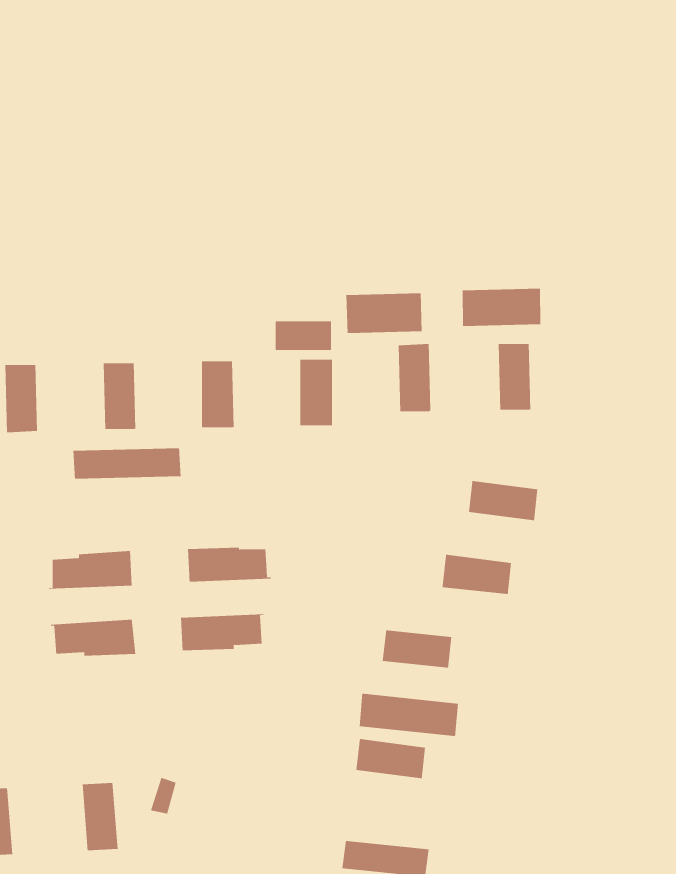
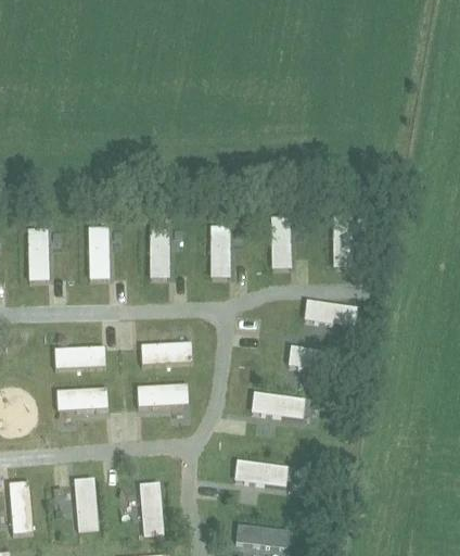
building: [462,288,541,327] -> none
building: [346,292,422,334] -> none
building: [275,321,332,351] -> none
building: [73,447,181,480] -> none
building: [359,693,458,737] -> none
building: none -> [140,493,163,535]

